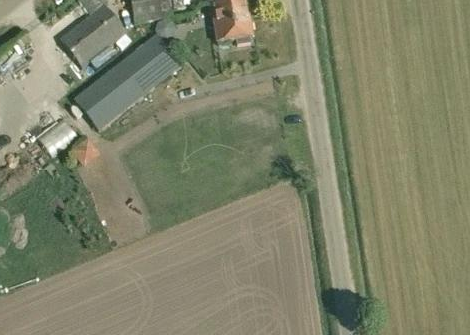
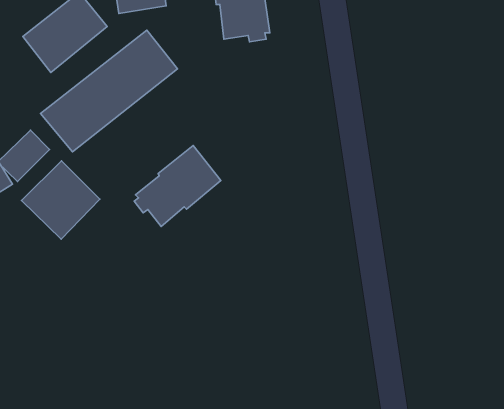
building: none -> [134,146,221,226]
building: none -> [22,161,100,239]

